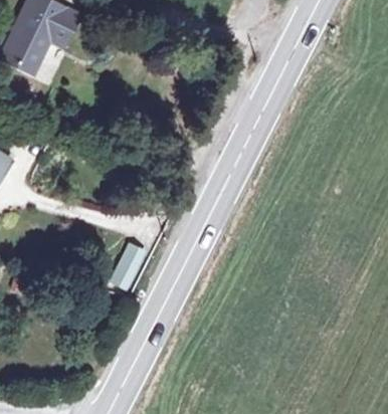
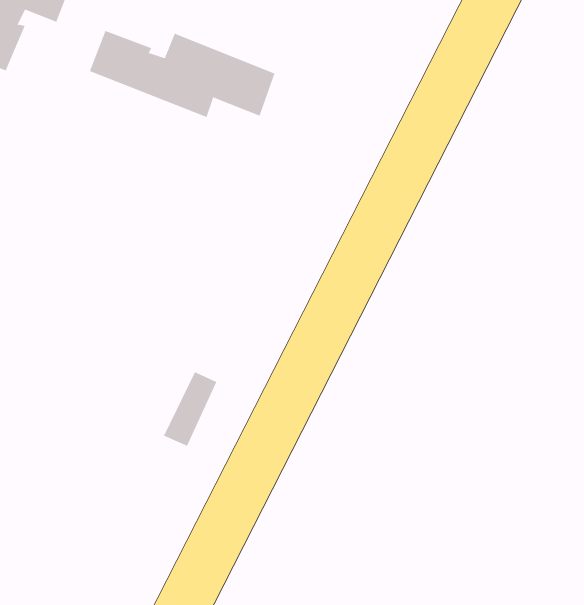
building: none -> [89,30,275,118]

